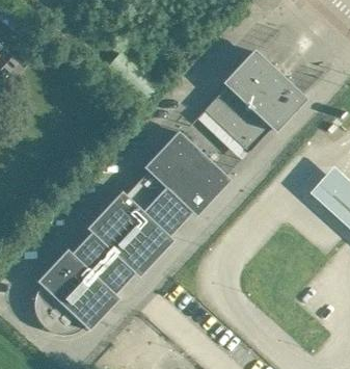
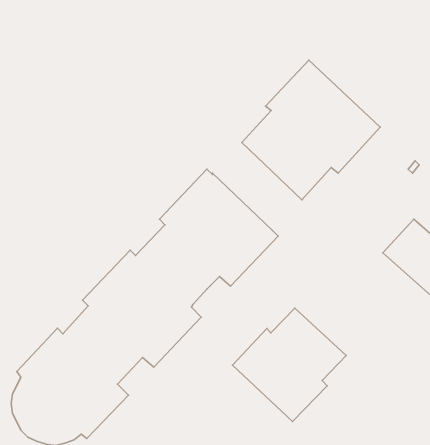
building: none -> [232,308,346,421]

